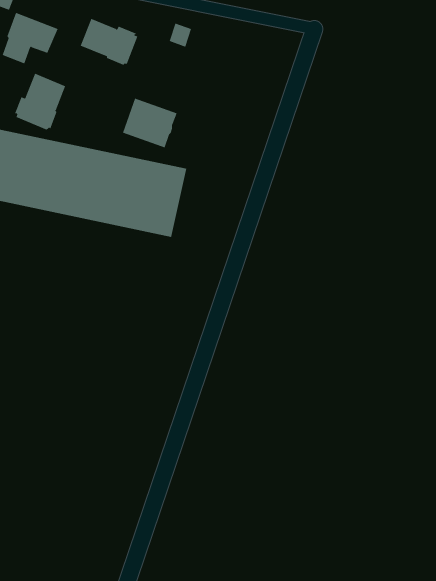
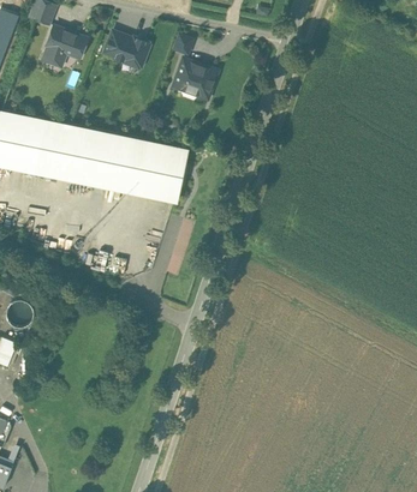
building: [14,73,66,130] -> none
building: [122,98,177,148] -> [173,59,216,98]

